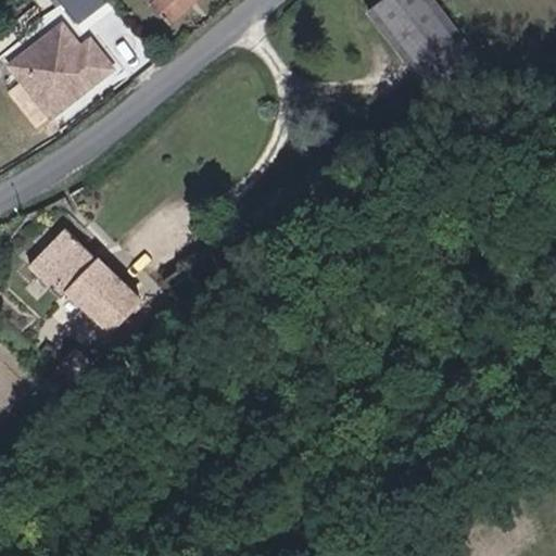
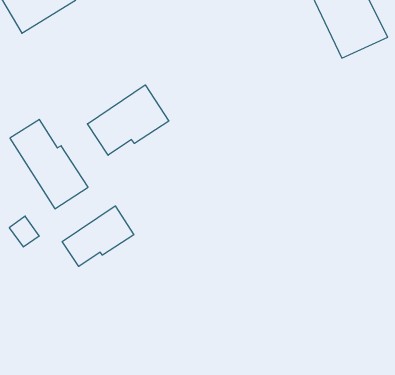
building: none -> [87,85,169,155]
building: none -> [62,206,134,266]

